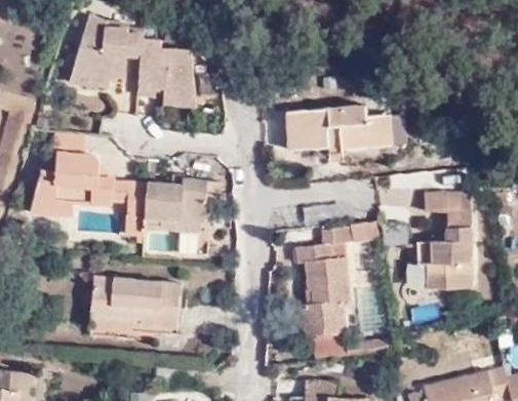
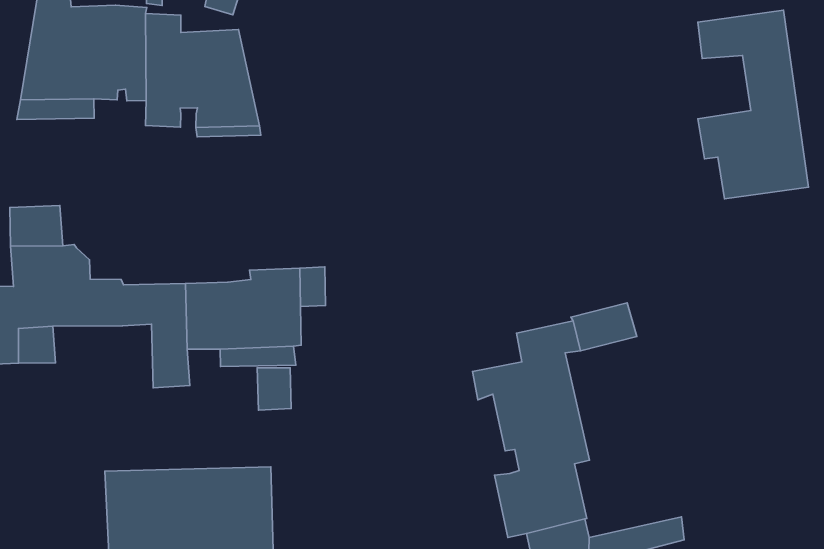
building: [283,105,393,152] -> none
building: [417,191,472,287] -> [698,10,808,199]

